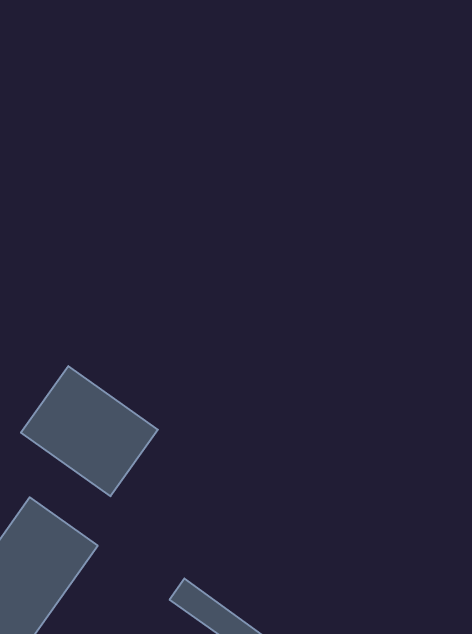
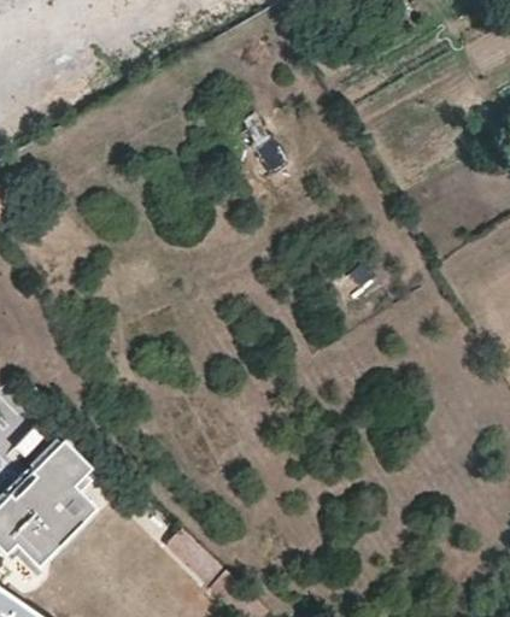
building: [21,366,158,496] -> none

